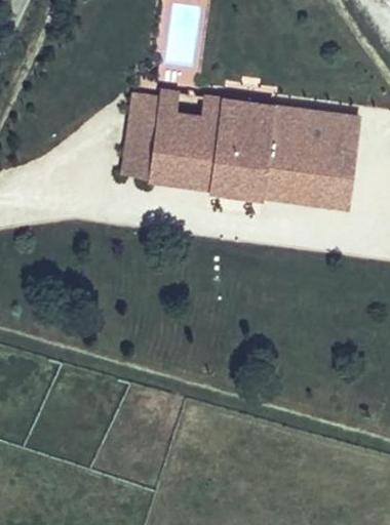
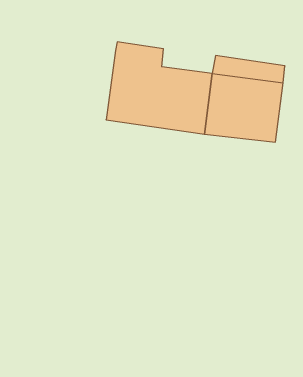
building: [120,96,159,183] -> none
building: [215,97,279,127] -> none

